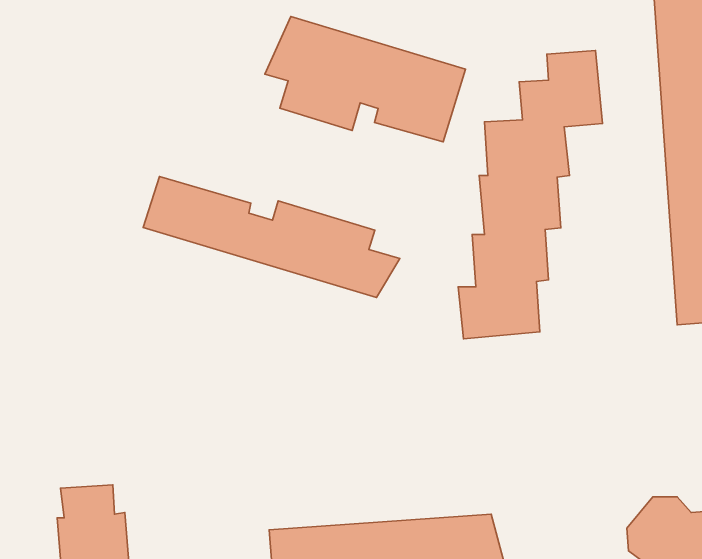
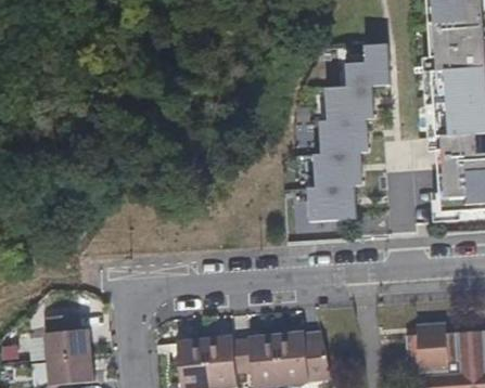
building: [265,17,466,142] -> none
building: [143,177,400,298] -> none

